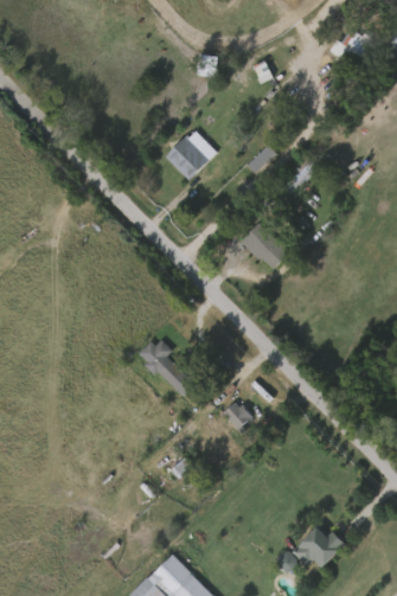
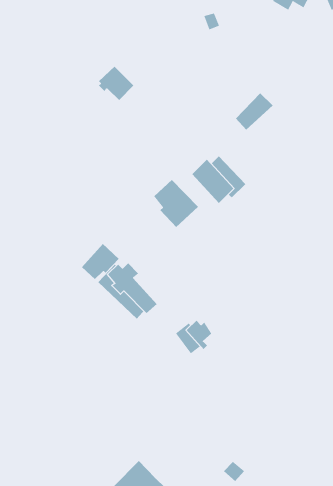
building: [173,139,212,177] -> [98,66,134,101]
building: none -> [153,179,199,228]
building: none -> [81,243,120,280]
building: [295,524,351,566] -> none

